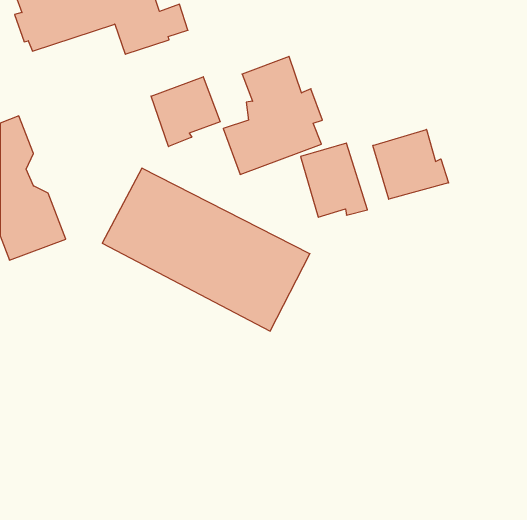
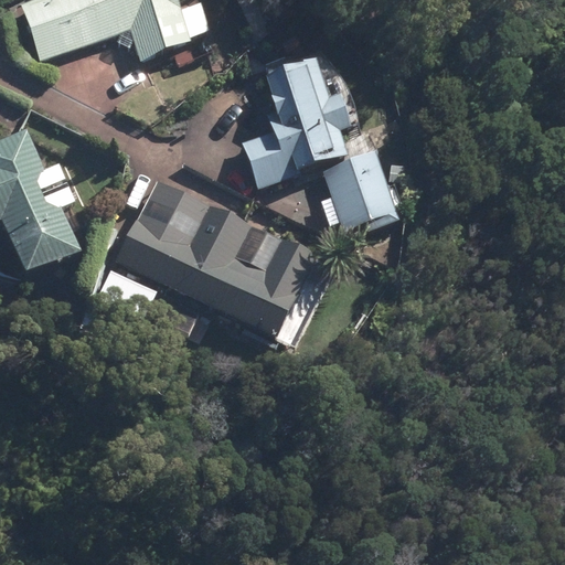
building: [151,77,220,147] -> none
building: [373,129,449,199] -> none

